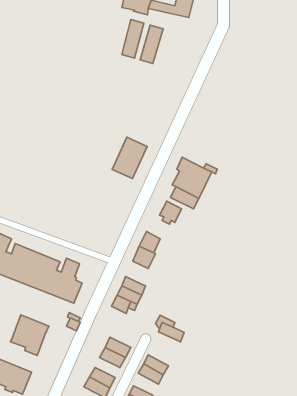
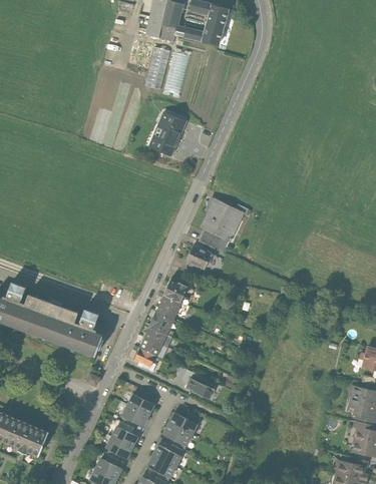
building: [112,137,147,179] -> [148,112,186,157]
building: none -> [149,311,174,336]
building: [11,315,49,356] -> none

